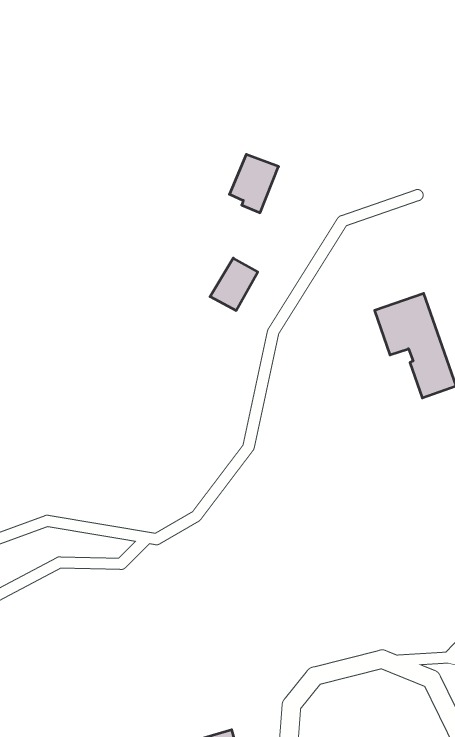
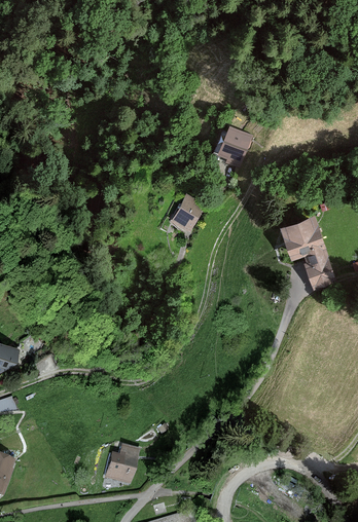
building: [229,154,279,213] -> [219,127,252,166]
building: none -> [107,445,137,480]

